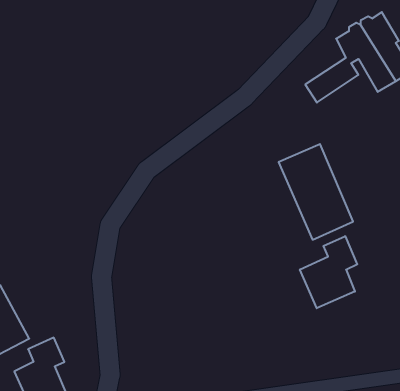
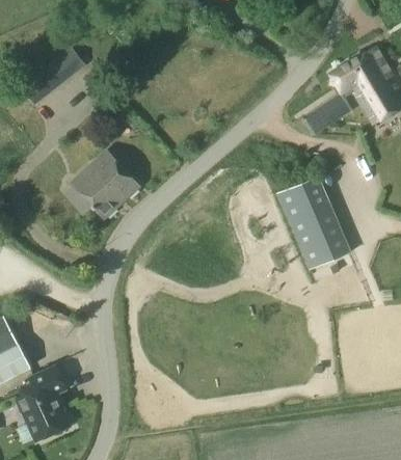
building: none -> [21,48,84,106]
building: none -> [73,151,139,217]
building: [300,236,357,308] -> none

